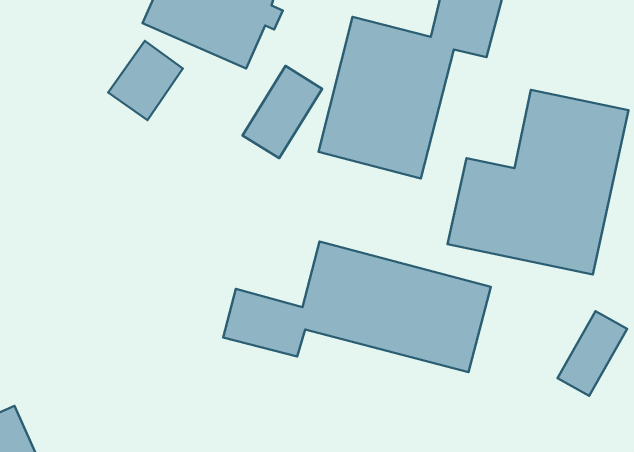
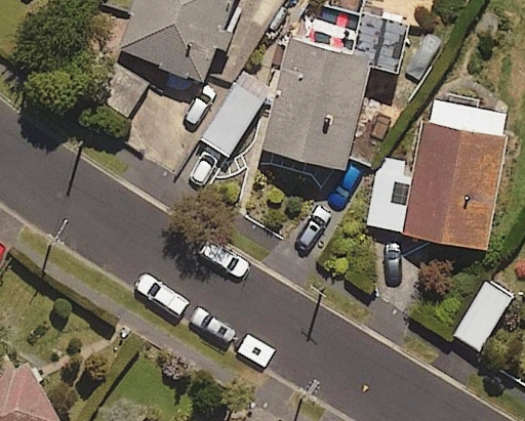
building: [223,242,491,372] -> none

